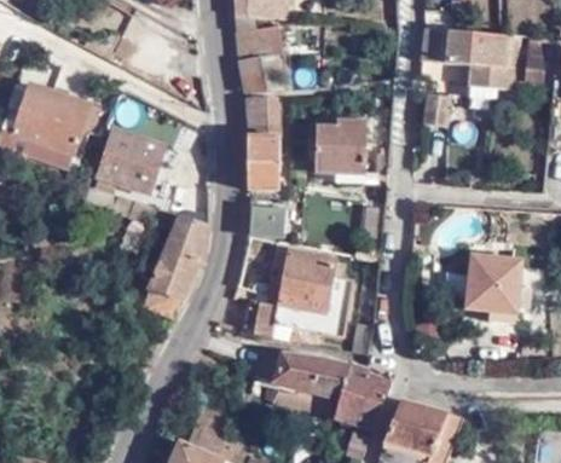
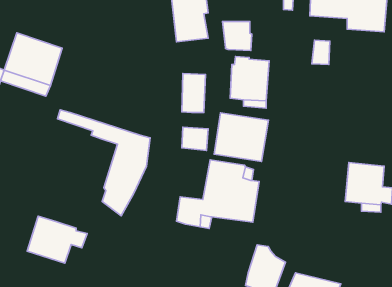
building: [243,99,282,138] -> [223,21,252,50]
building: [97,129,178,197] -> none
building: none -> [214,113,269,161]
building: none -> [27,216,87,263]
building: [256,352,349,403] -> none

